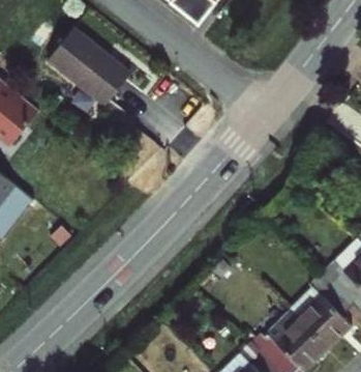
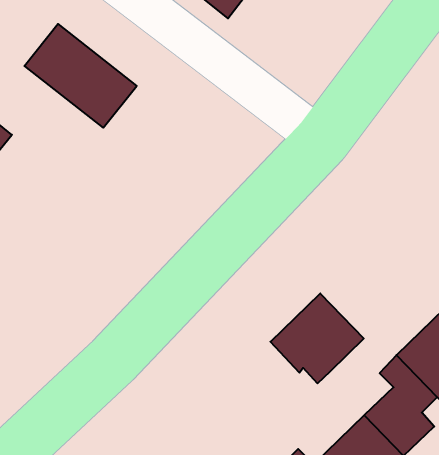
building: none -> [270,293,364,383]

